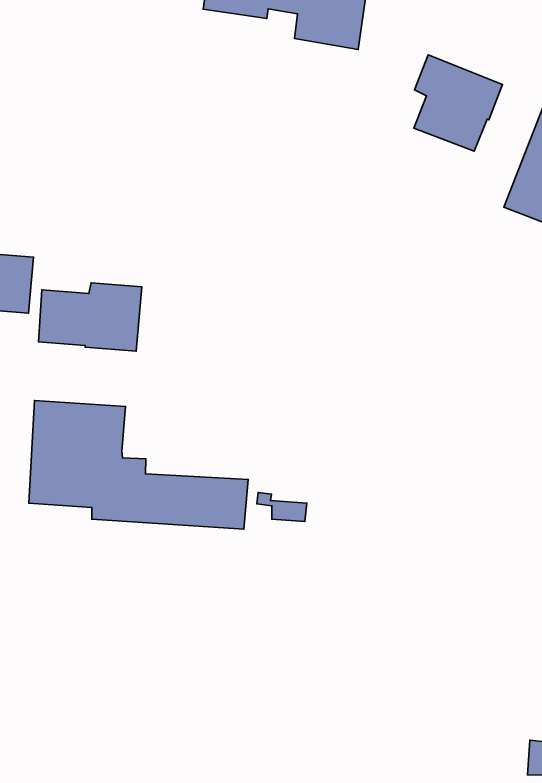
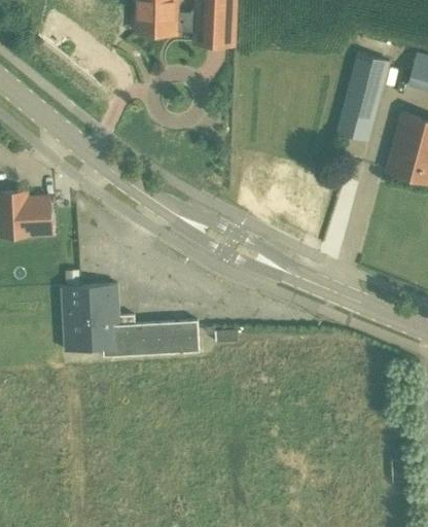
building: [414,55,503,151] -> none
building: [38,283,142,351] -> none

